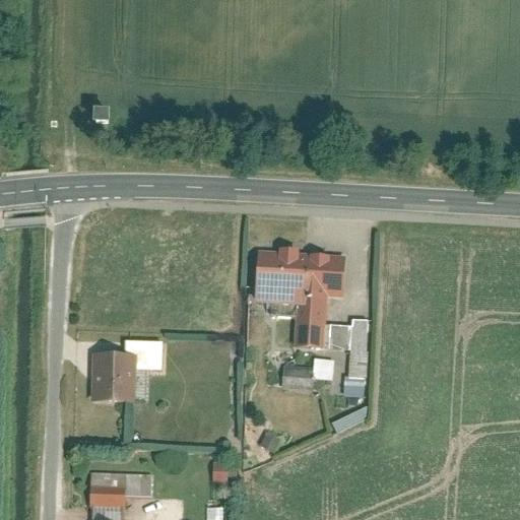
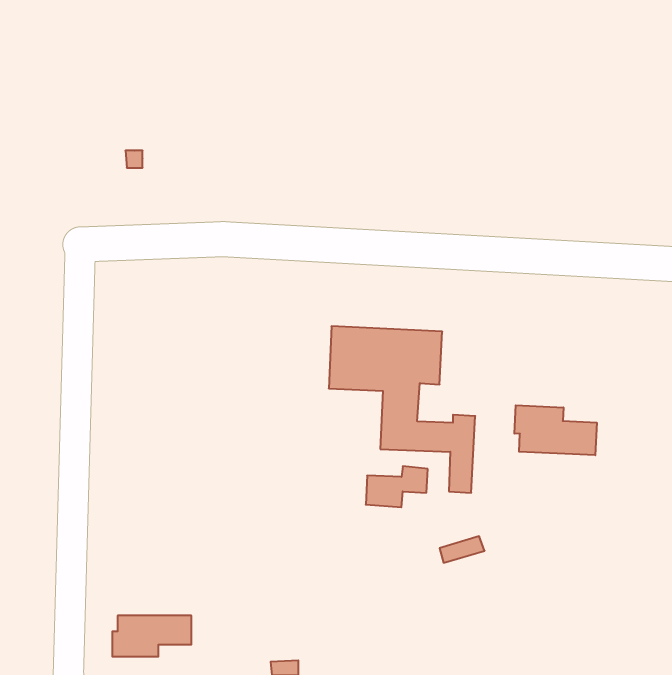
building: none -> [514,405,597,455]
building: [91,340,160,401] -> none

